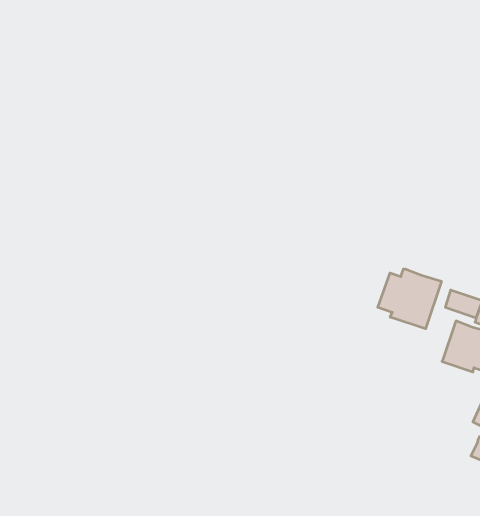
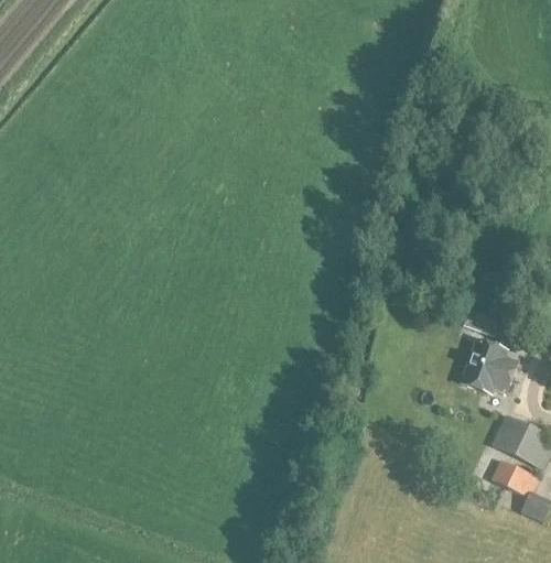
building: [378,269,441,329] -> none

